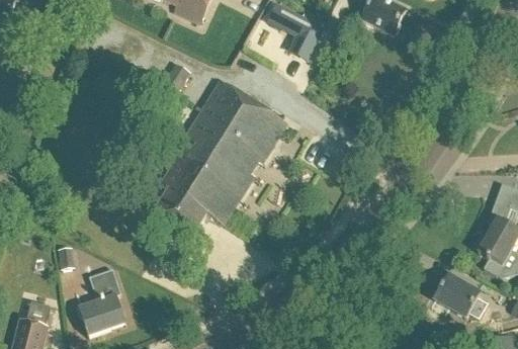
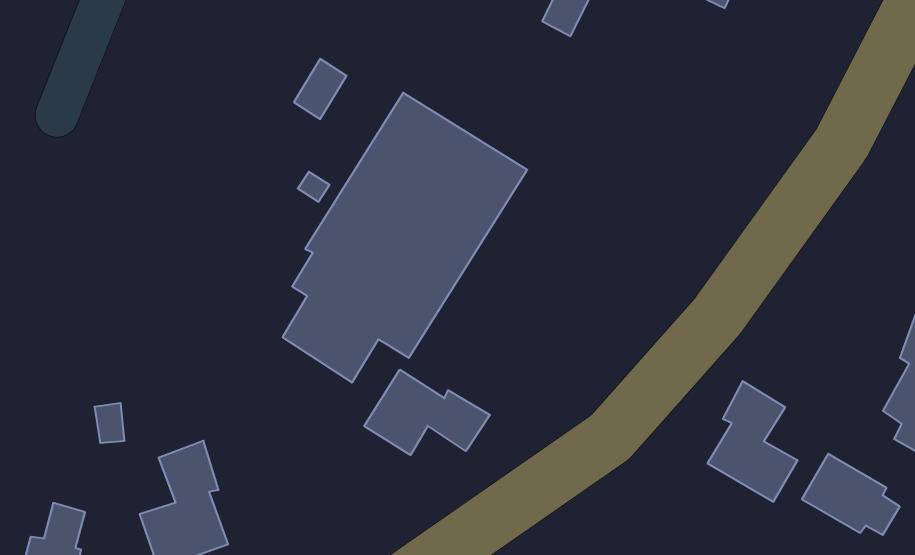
building: none -> [364,370,490,455]
building: none -> [708,381,798,502]

